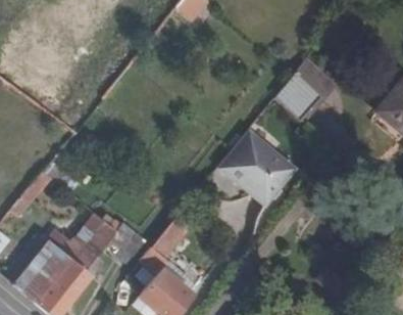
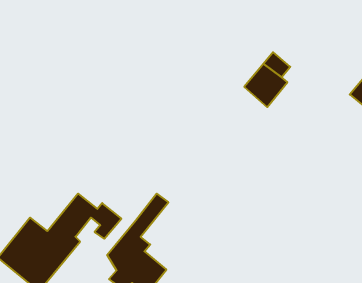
building: [219,134,296,210] -> none

